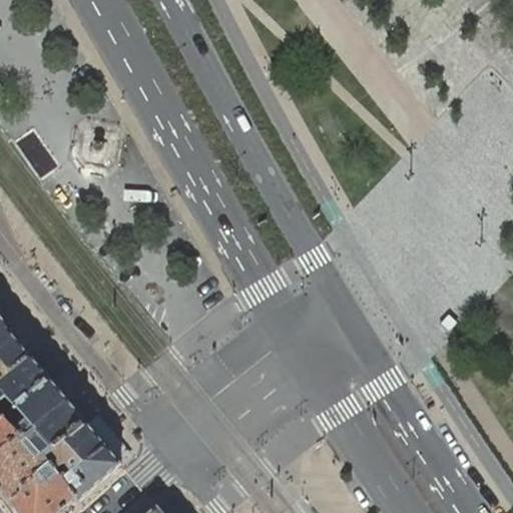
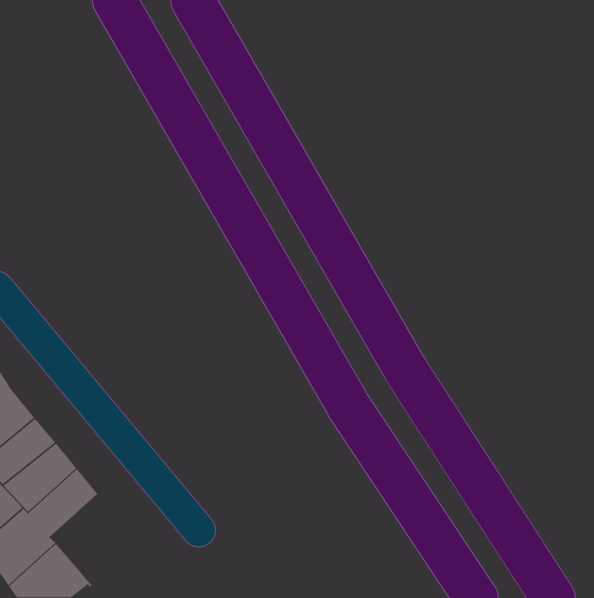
building: [43,423,119,501] -> none

